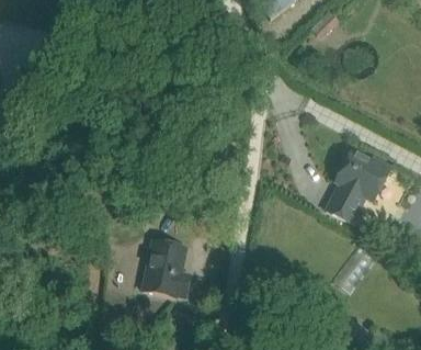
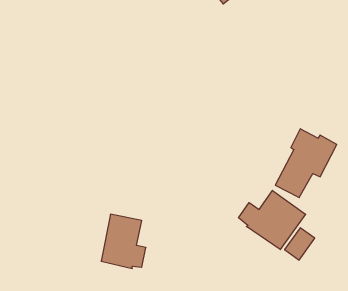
building: none -> [239,190,306,250]

